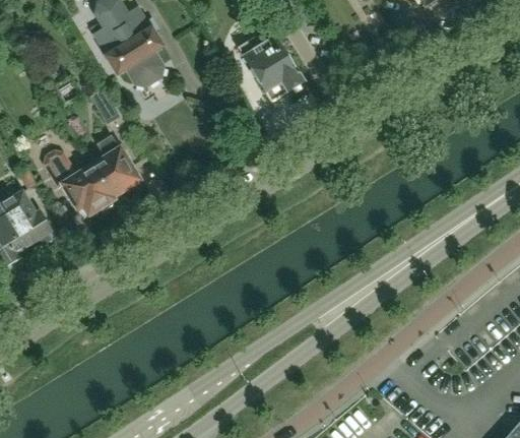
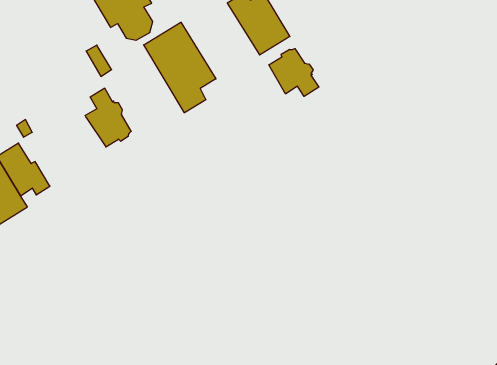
building: none -> [144,22,216,113]
building: none -> [269,49,319,96]
building: [44,148,114,217] -> none

